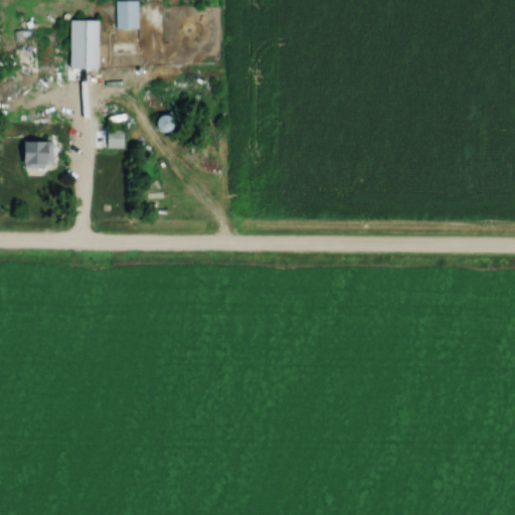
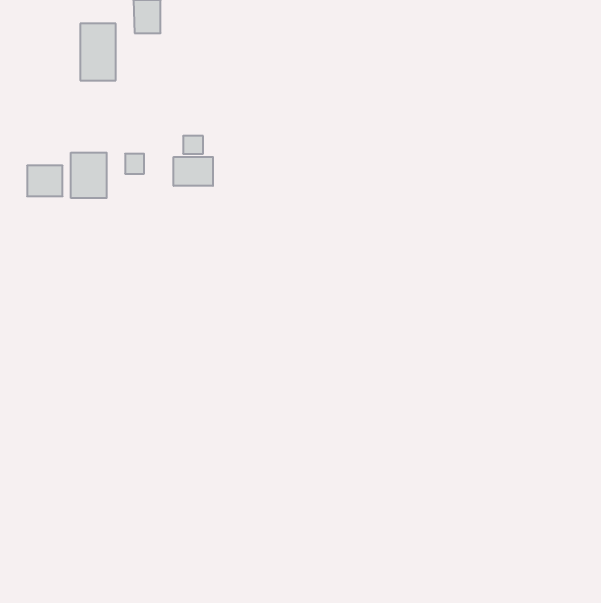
building: none -> [71,153,107,198]
building: none -> [174,157,213,186]

